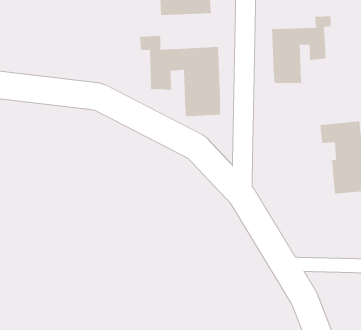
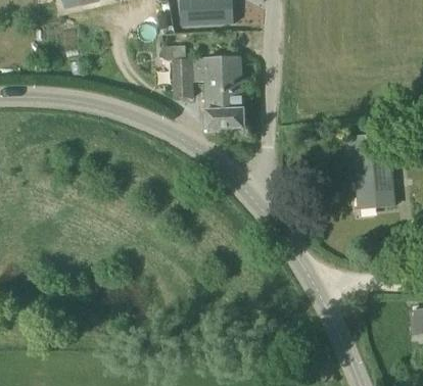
building: [272,16,331,84] -> none

